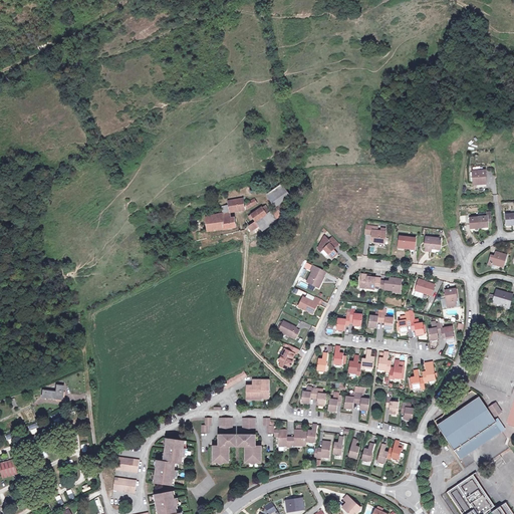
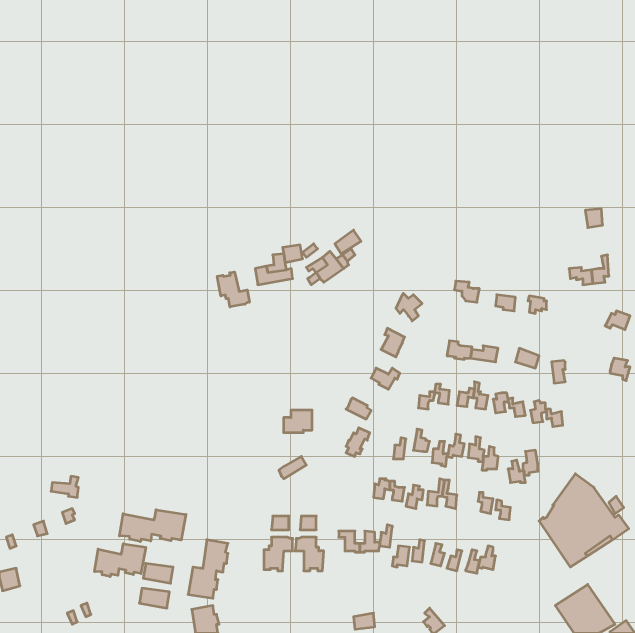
building: none -> [217,272,249,307]
building: [246,379,269,398] -> [284,410,312,433]
building: none -> [119,510,186,542]
building: none -> [95,544,146,577]

